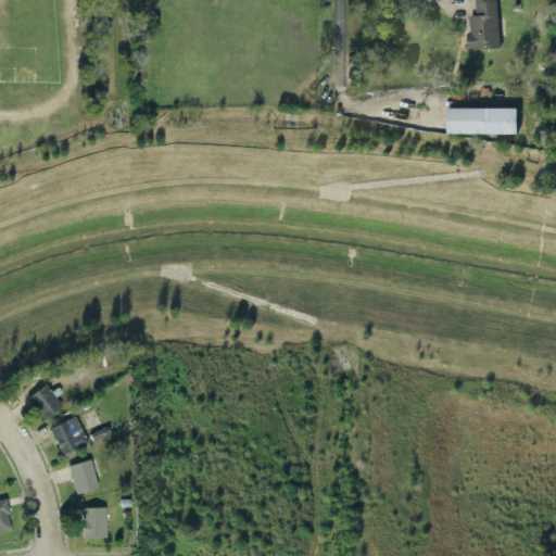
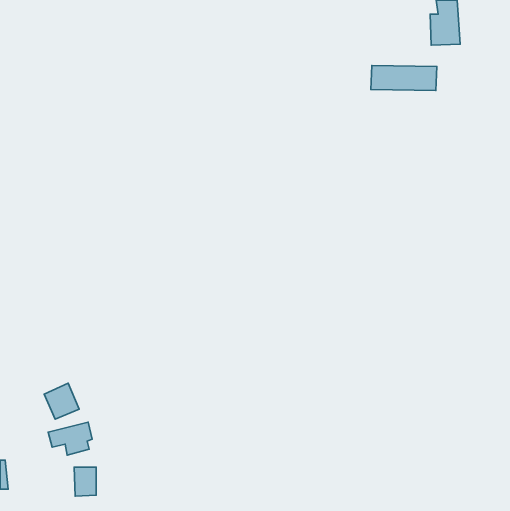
building: [447,108,519,135] -> [371,66,437,91]
building: [25,383,61,420] -> none

